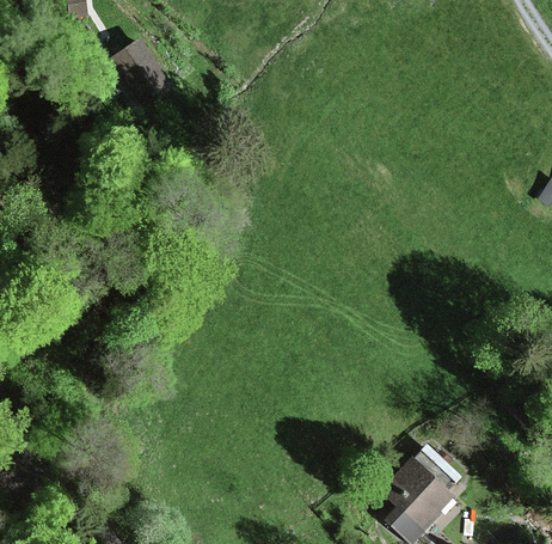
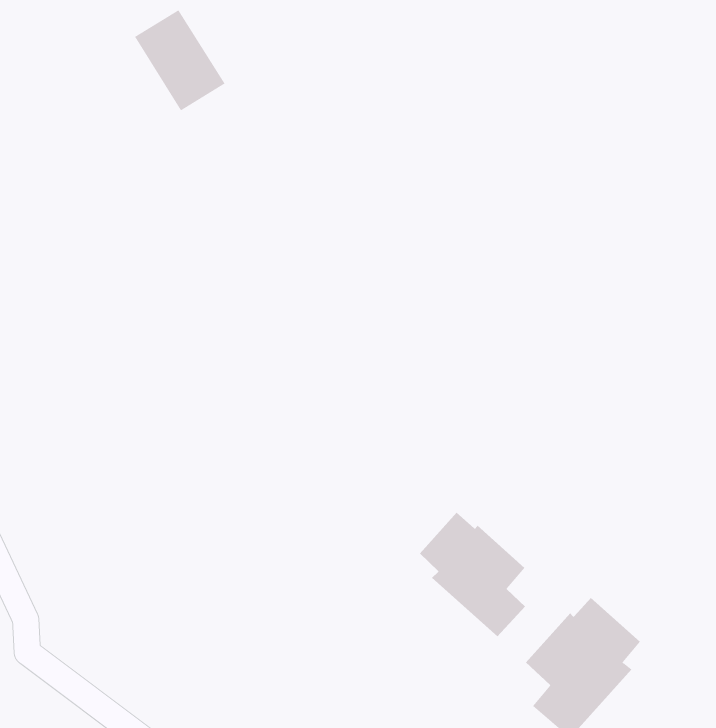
building: none -> [419,512,526,637]

